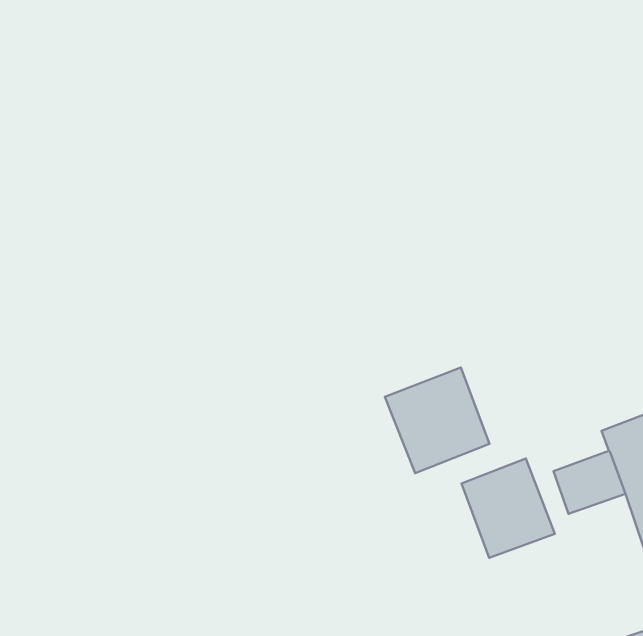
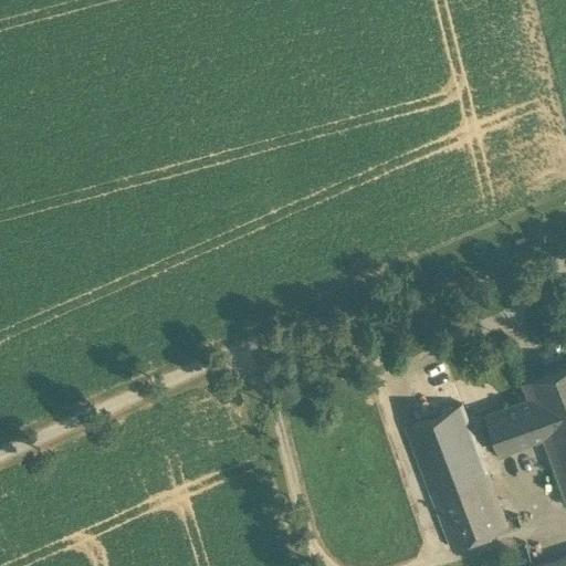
building: [385,368,489,473] -> none
building: none -> [430,475,509,552]

